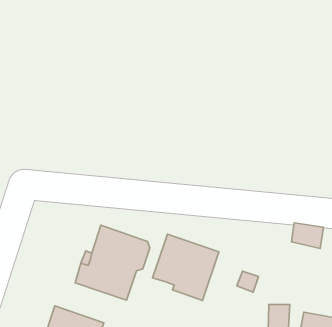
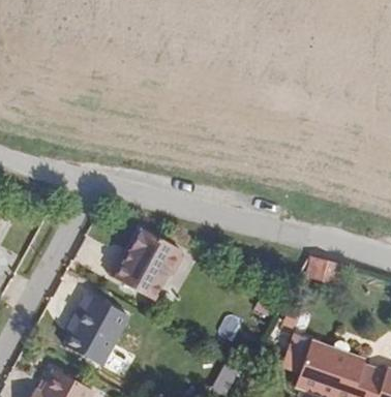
building: [153,234,219,300] -> none

